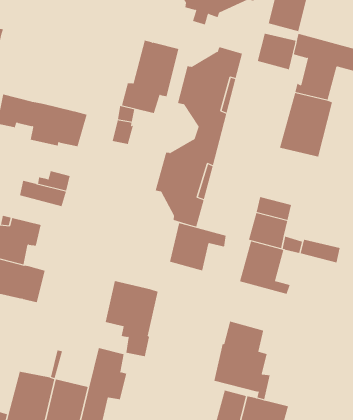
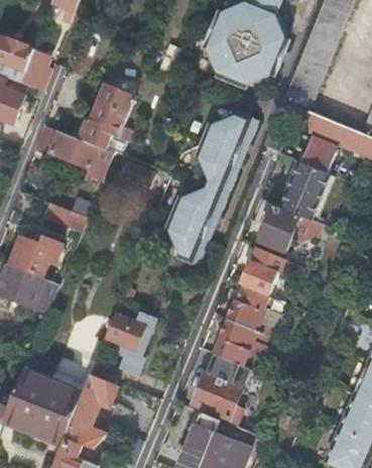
building: [257,33,296,70] -> none
building: [121,40,179,114] -> [78,85,135,150]
building: none -> [257,204,314,252]
building: [169,222,227,271] -> [214,319,267,364]

